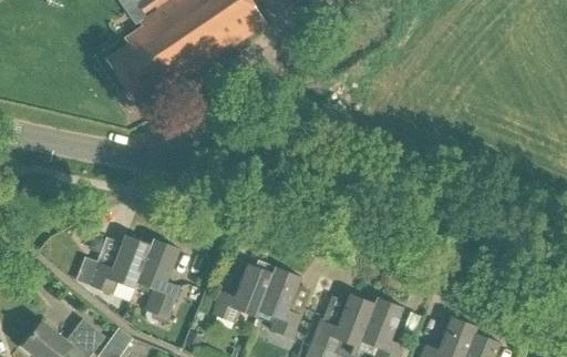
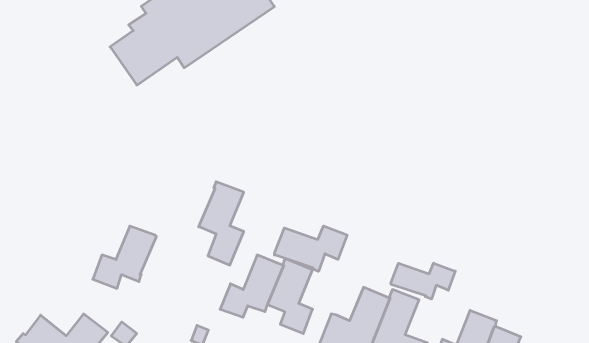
building: none -> [274,226,347,271]
building: [135,238,178,318] -> [199,182,244,265]
building: none -> [391,263,455,299]

